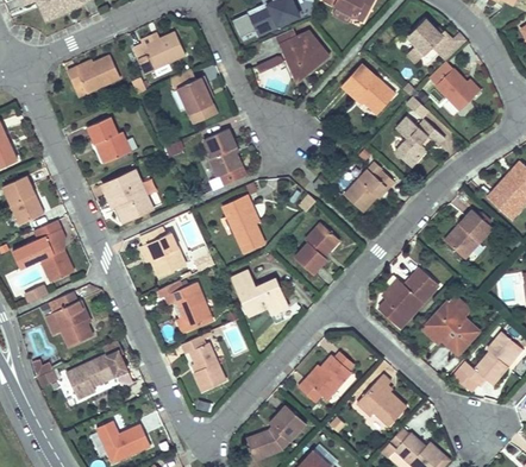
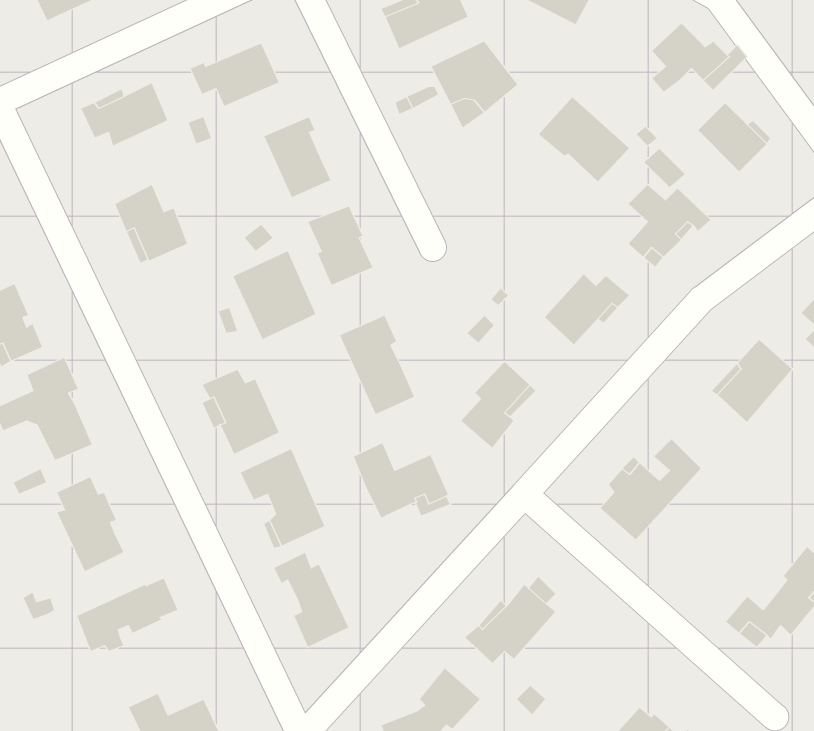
building: [102,171,152,225] -> [232,250,316,340]
building: [420,303,477,354] -> none
building: [356,376,406,427] -> none

